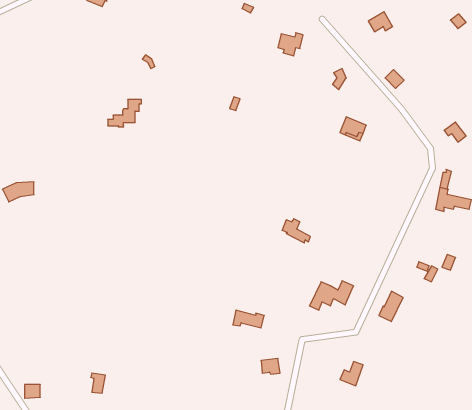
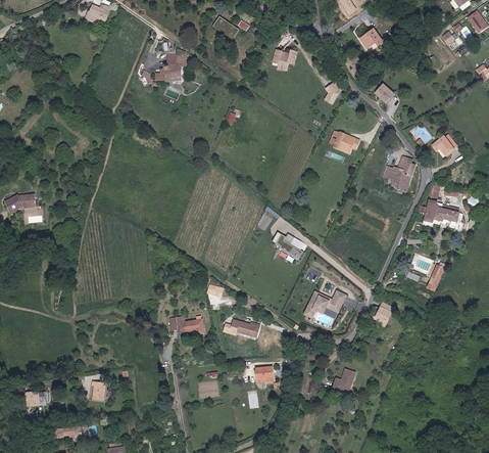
building: [108,100,141,127] -> [154,54,187,81]
building: none -> [382,155,414,189]
building: none -> [168,316,202,336]

